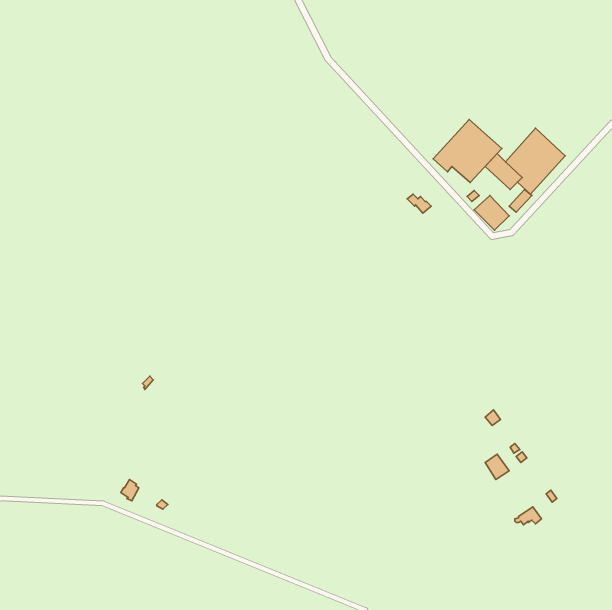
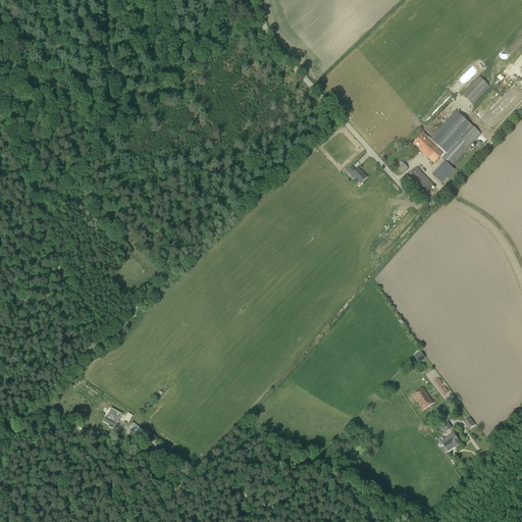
building: none -> [462,74,490,103]
building: [433,119,502,183] -> none

